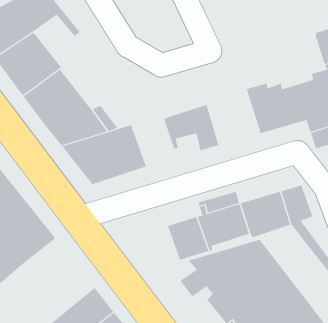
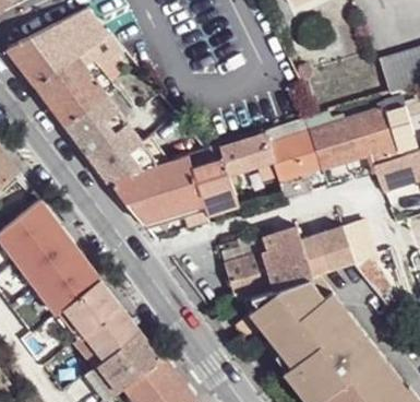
building: none -> [262,119,320,200]
building: none -> [182,146,232,212]
building: none -> [64,279,143,360]

